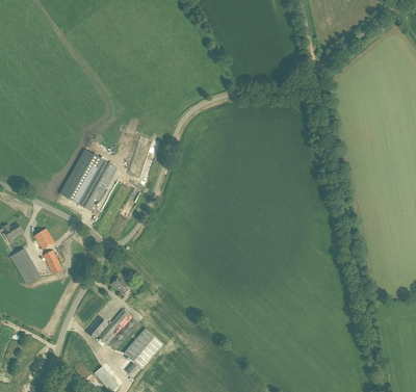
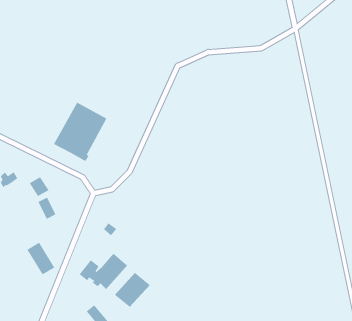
building: [10,249,41,284] -> [27,242,55,275]

